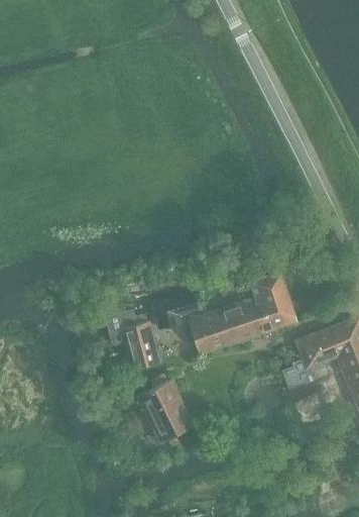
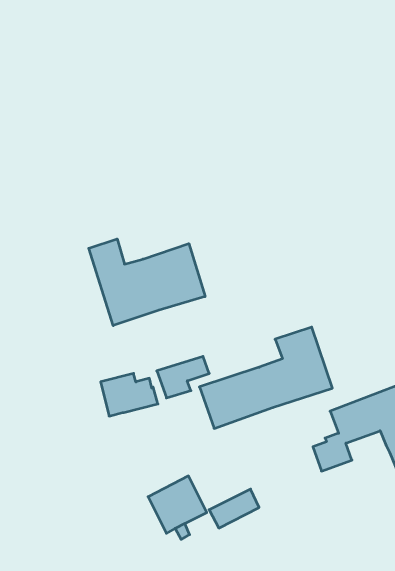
building: none -> [89,239,205,326]
building: [124,335,159,370] -> none
building: [136,380,177,412] -> [209,489,259,528]

